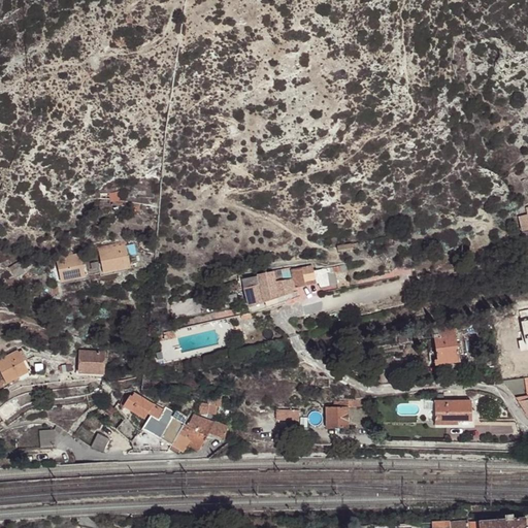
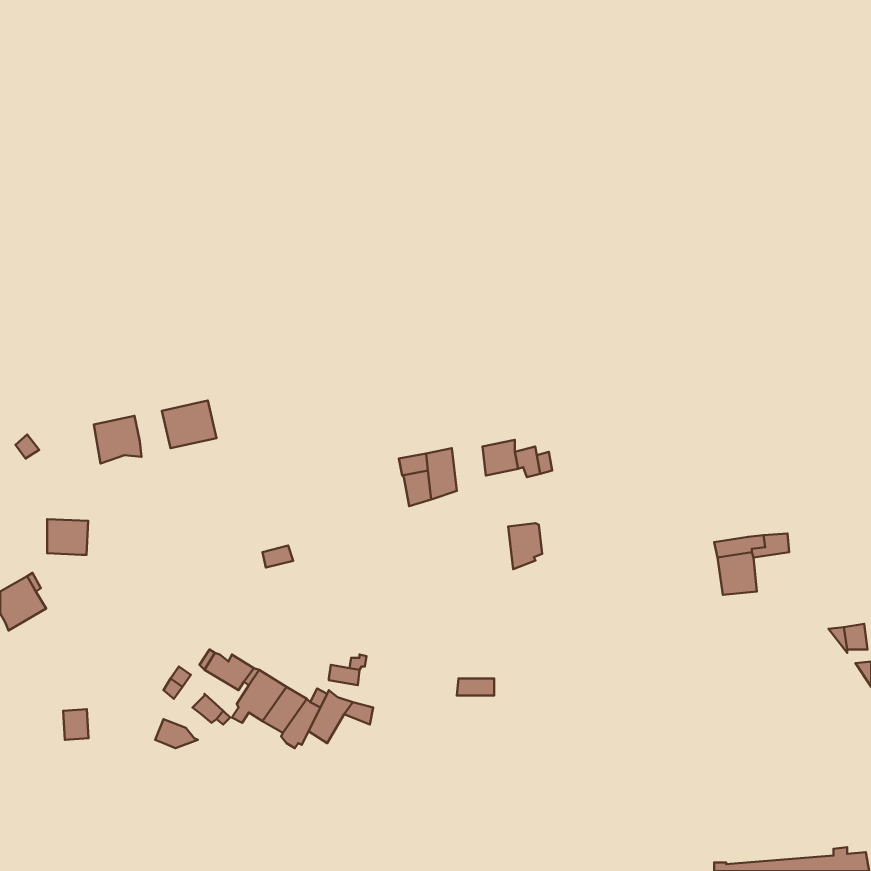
building: [273,269,294,297] -> [508,523,542,569]
building: [78,351,103,372] -> [47,519,88,555]
building: [437,403,474,427] -> none
building: [325,406,348,428] -> none

